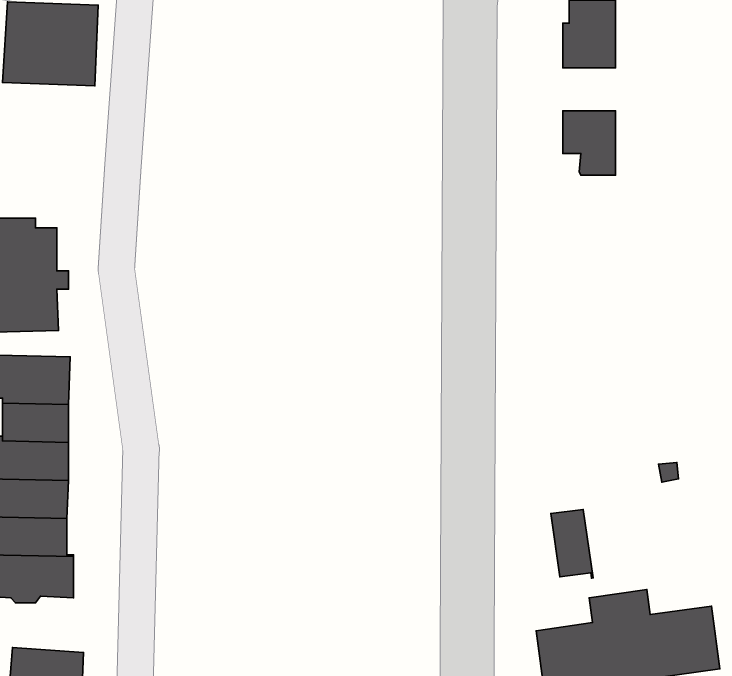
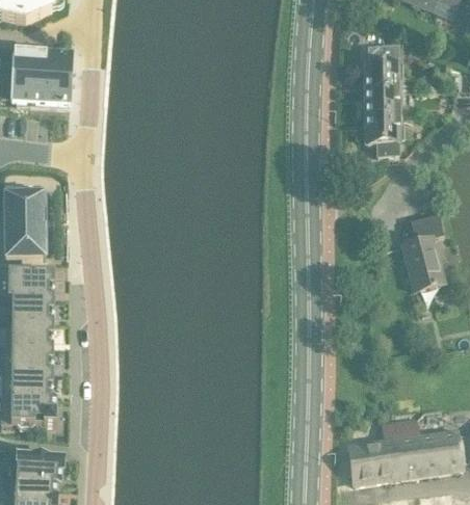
building: none -> [363,90,396,117]
building: none -> [400,213,442,291]
building: [551,509,593,578] -> none

